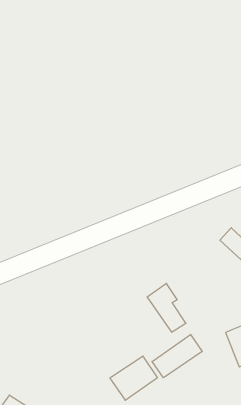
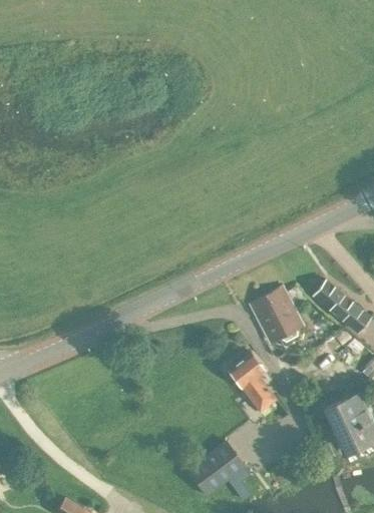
building: none -> [251,287,303,343]
building: [152,334,202,378] -> none

